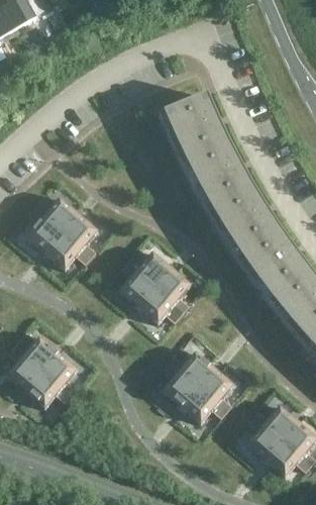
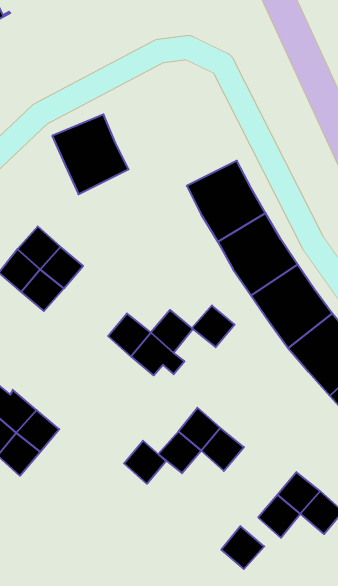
building: [163,96,227,164] -> [52,114,129,194]
building: [134,252,171,288] -> [192,305,235,347]
building: [181,388,216,424] -> [124,441,166,484]
building: [265,441,301,478] -> [221,526,264,569]

